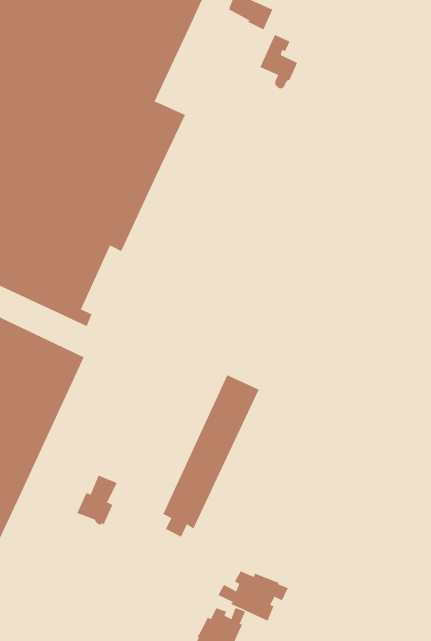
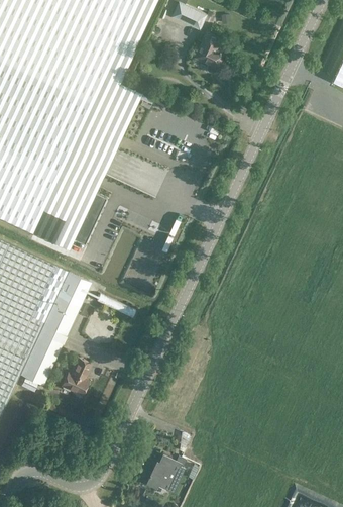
building: none -> [66,189,106,244]
building: [162,375,260,537] -> [20,271,92,391]
building: [218,571,289,622] -> none

